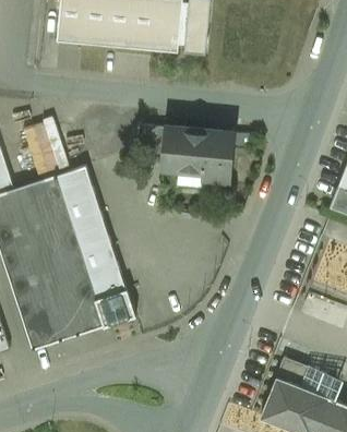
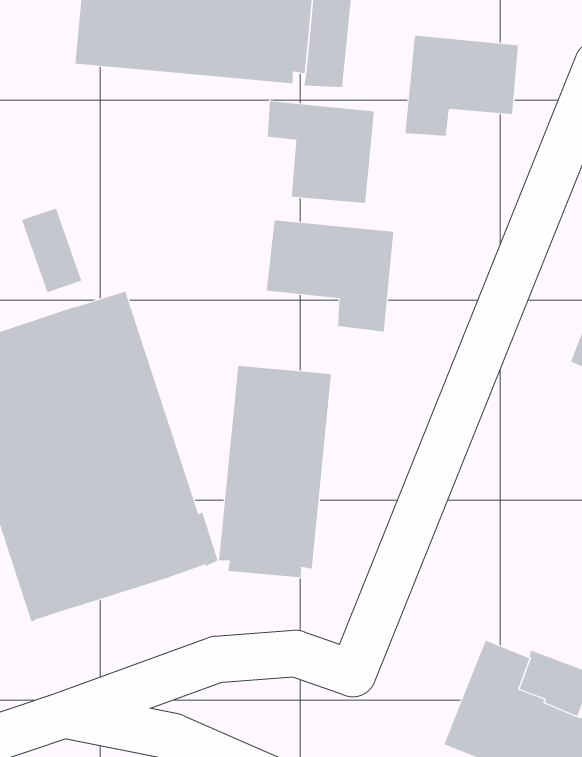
building: none -> [405,35,518,137]
building: none -> [267,100,375,204]
building: none -> [219,365,331,578]

